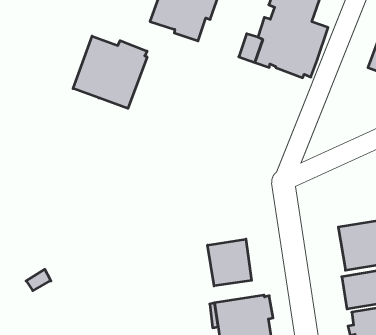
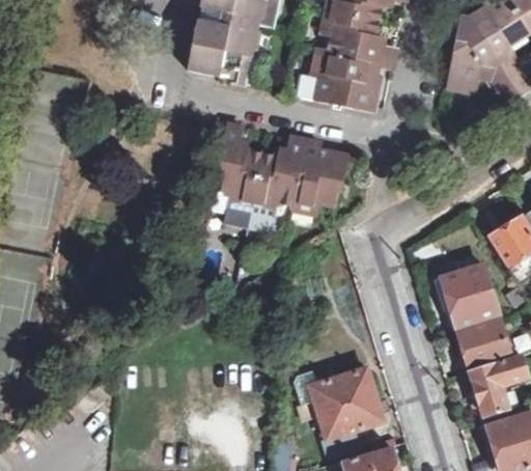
building: [73,36,147,108] -> none
building: none -> [209,123,350,231]
building: [208,239,252,286] -> none

